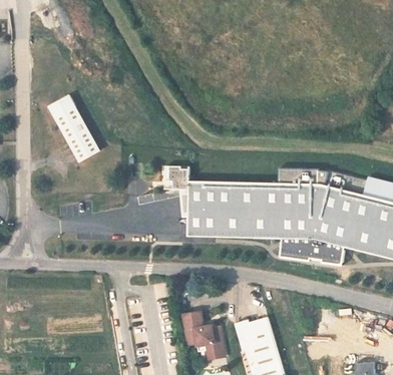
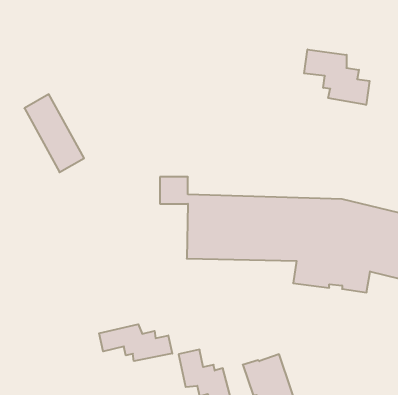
building: none -> [304,49,370,105]
building: none -> [99,324,172,361]

